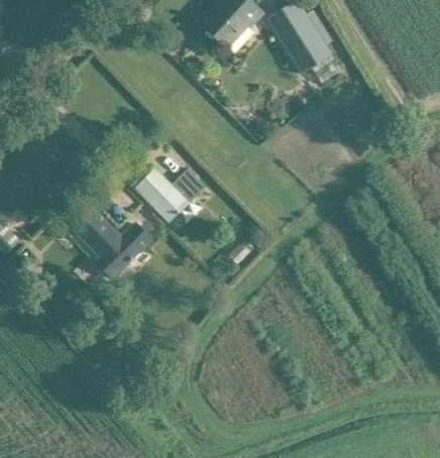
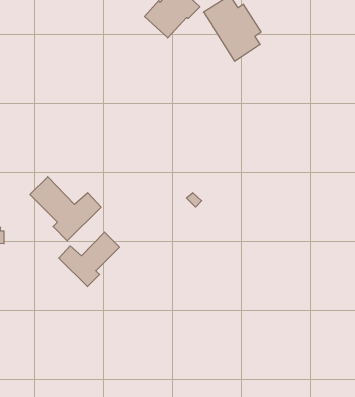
building: [135,168,206,224] -> none
building: none -> [59,232,119,287]

